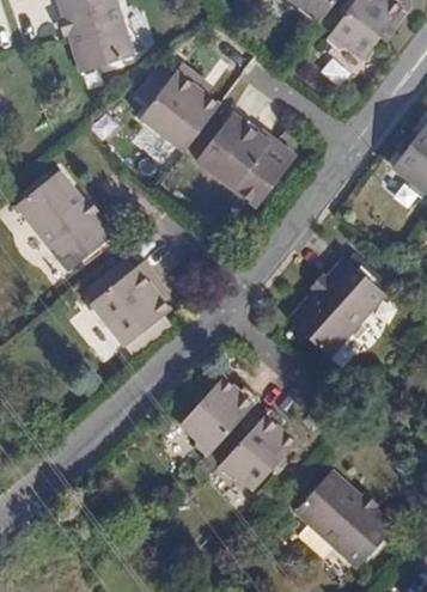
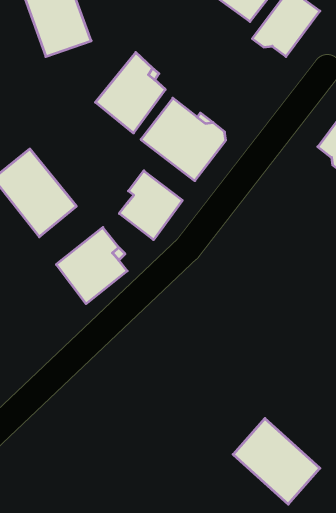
building: none -> [119,171,182,240]
building: [281,250,378,348] -> none
building: [181,373,260,453] -> none
building: [222,408,300,490] -> none

